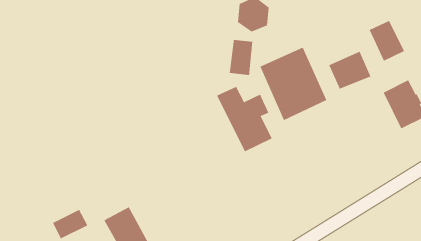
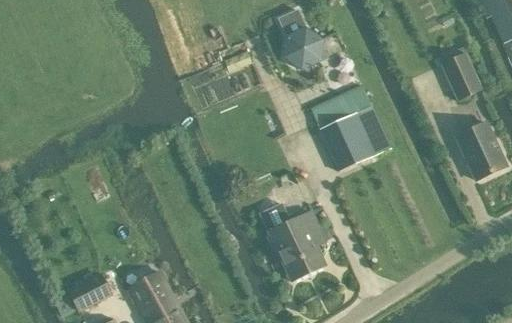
building: [229,39,253,76] -> none
building: [329,51,371,89] -> none
building: [216,86,273,152] -> [258,202,324,279]

